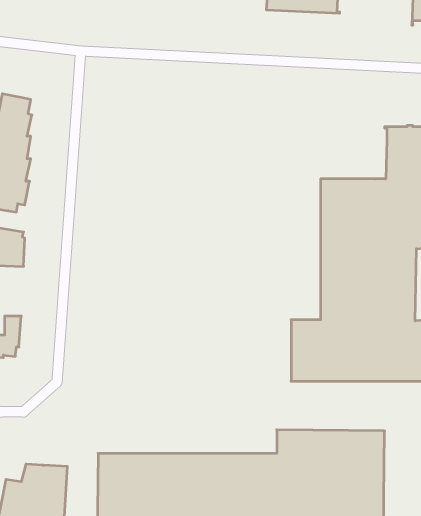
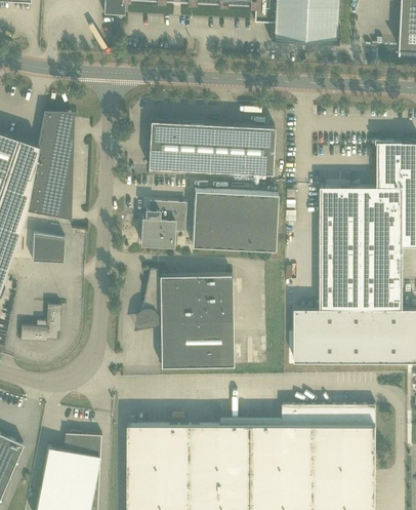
building: none -> [148,121,275,174]
building: none -> [192,191,278,250]
building: none -> [141,202,185,248]
building: none -> [139,271,234,367]

